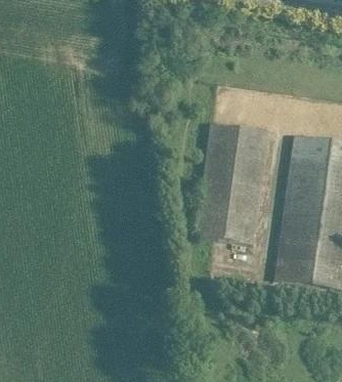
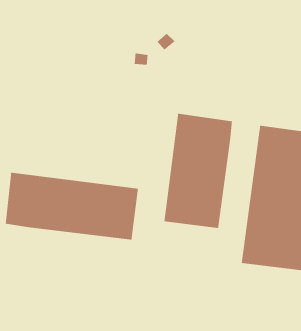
building: none -> [5,172,139,240]

